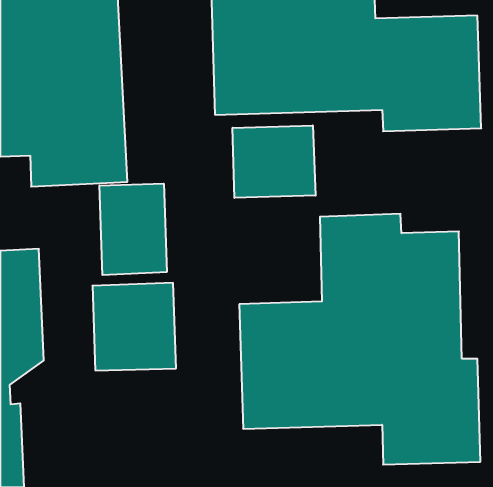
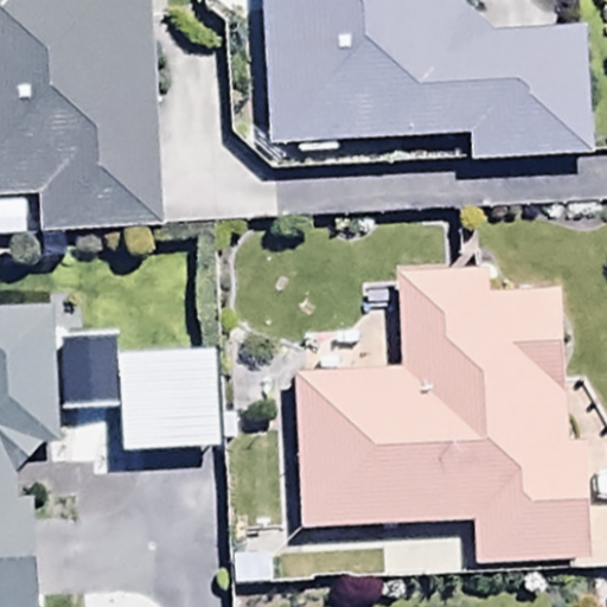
building: [233,125,316,198] -> none
building: [99,184,167,275] -> none

